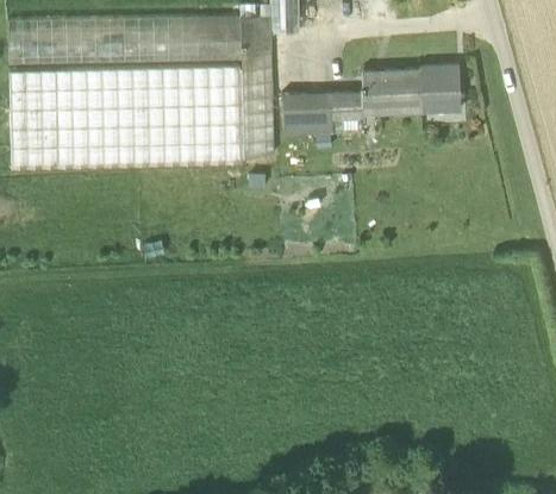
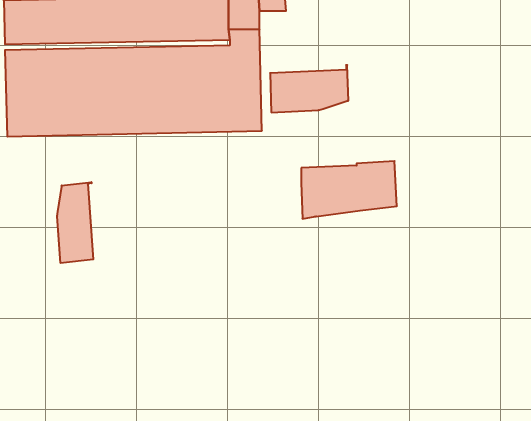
building: [362,64,461,124] -> [301,161,397,219]
building: none -> [57,182,93,263]

